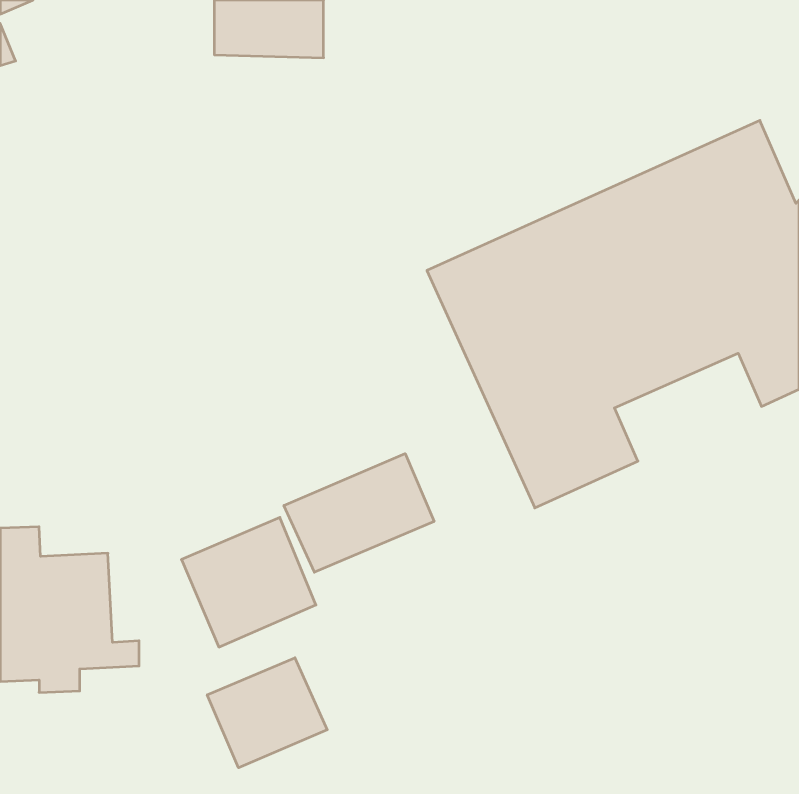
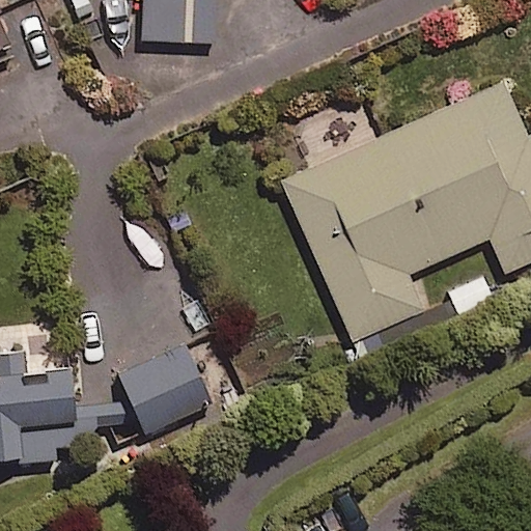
building: [284,454,434,572] -> none
building: [207,658,327,768] -> none

